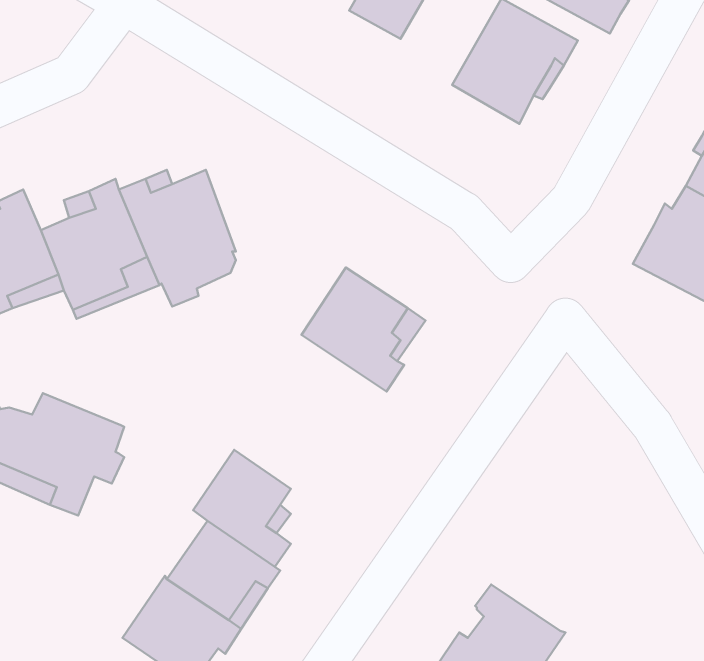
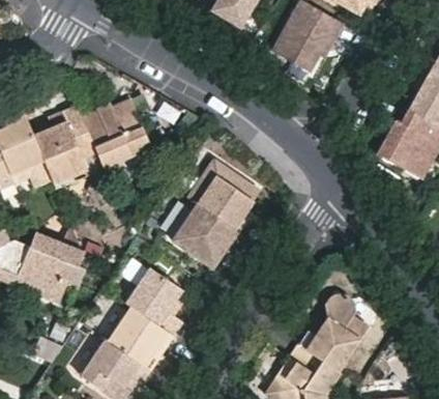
building: none -> [170,203,239,267]
building: none -> [296,291,368,370]

